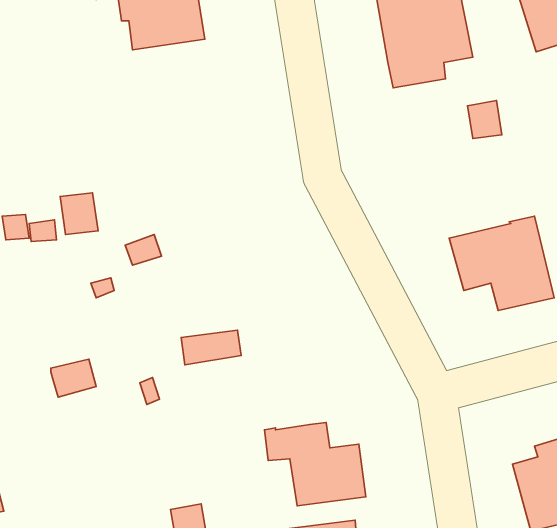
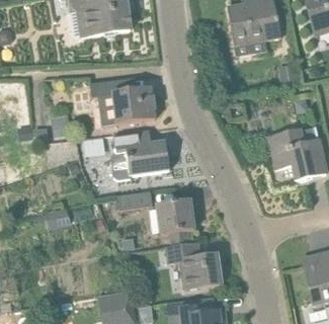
building: none -> [89,76,155,125]
building: none -> [110,129,169,179]
building: none -> [156,198,194,246]

